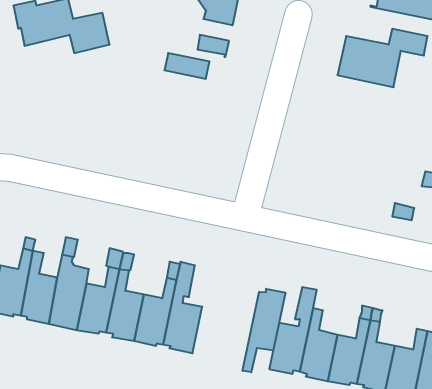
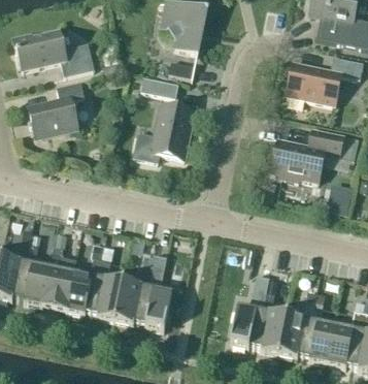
building: none -> [29,81,85,136]
building: none -> [132,104,194,162]
building: none -> [270,129,358,183]
building: [243,289,285,372] -> none

